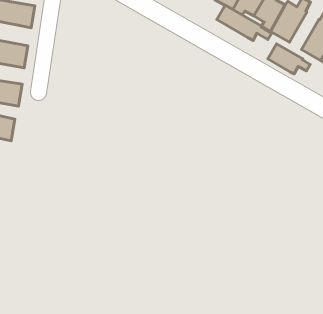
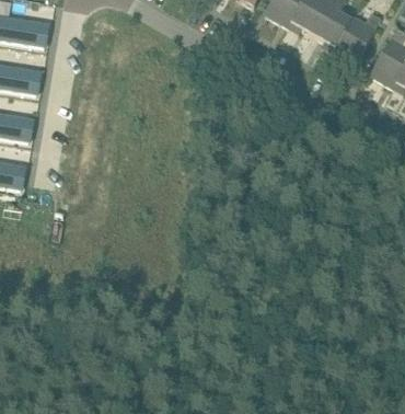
building: [217,5,272,40] -> none
building: [268,44,310,74] -> none

